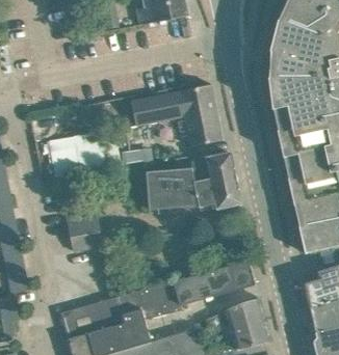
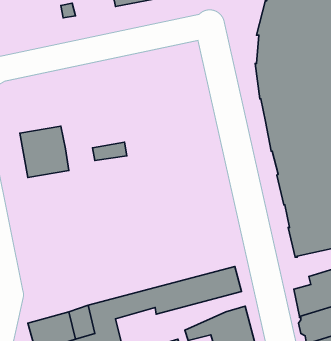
building: [130,84,221,147] -> none
building: [146,153,240,210] -> none
building: [66,217,101,251] -> none

